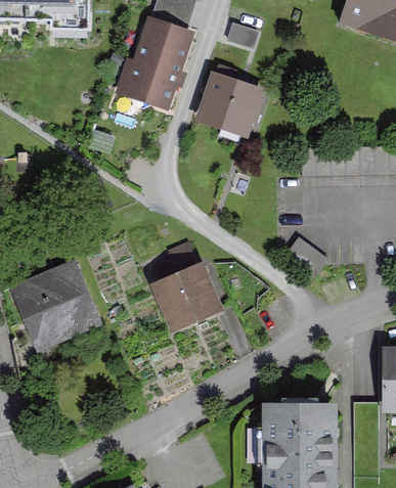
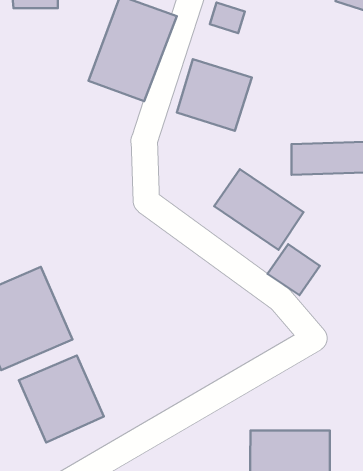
building: none -> [214,169,303,250]
building: [153,261,229,334] -> none
building: none -> [19,355,104,443]

